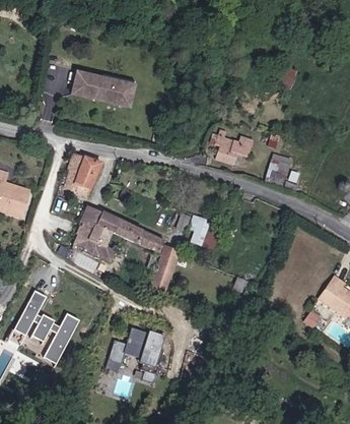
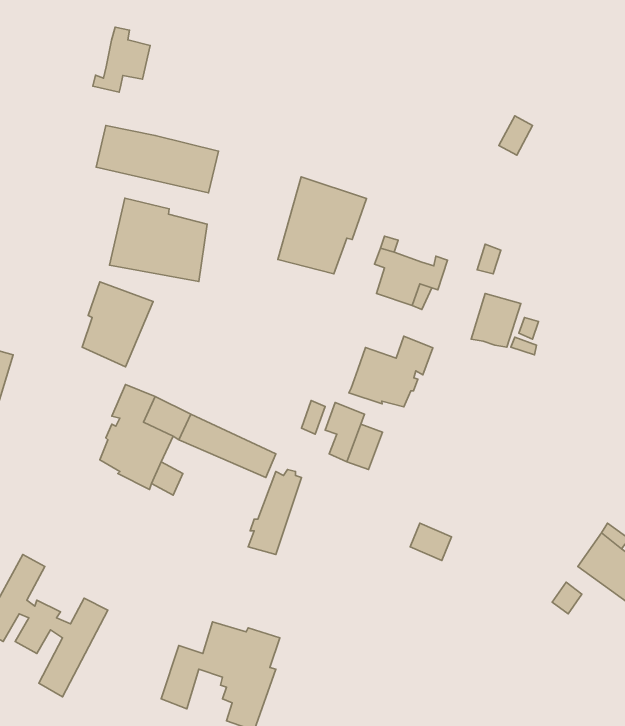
building: none -> [93,27,150,92]
building: none -> [278,177,366,274]
building: none -> [110,198,207,281]
building: none -> [349,336,433,407]

